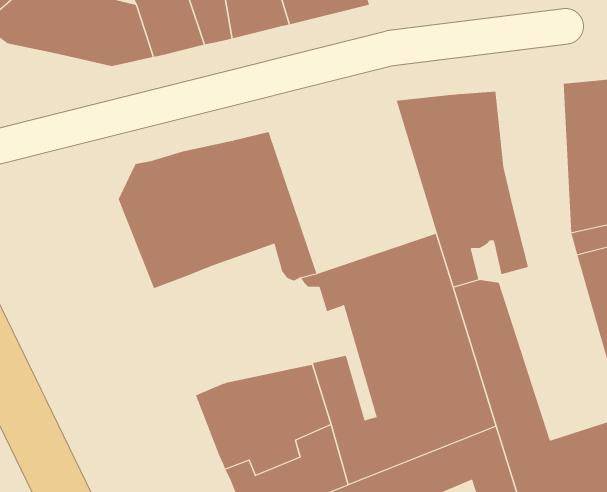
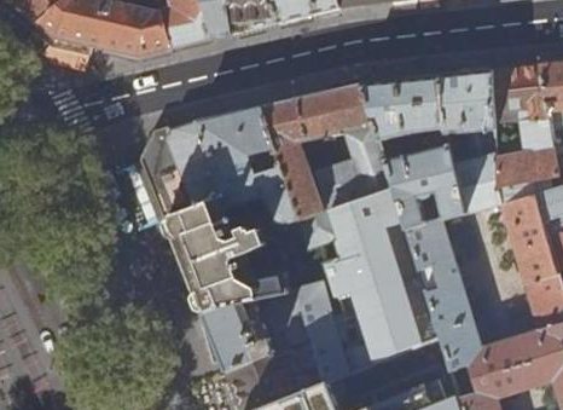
building: none -> [440,68,503,213]
building: none -> [262,81,393,216]
building: none -> [172,207,290,312]

